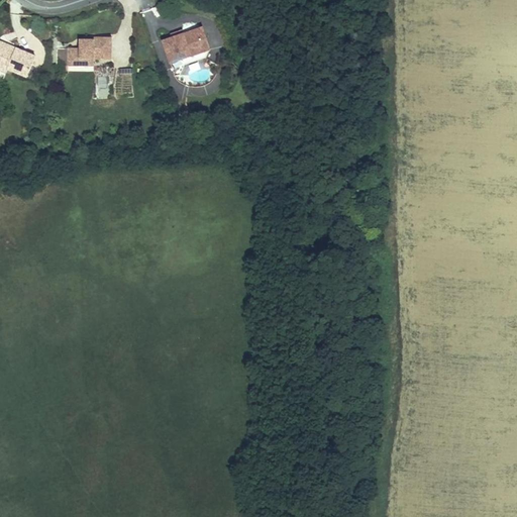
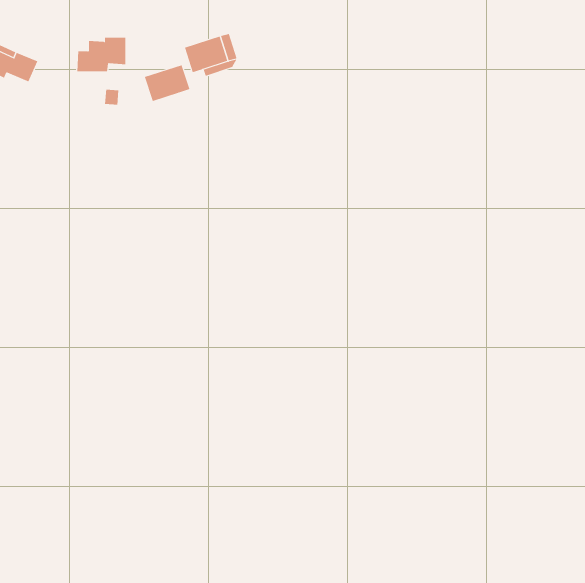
building: none -> [144,64,190,102]

